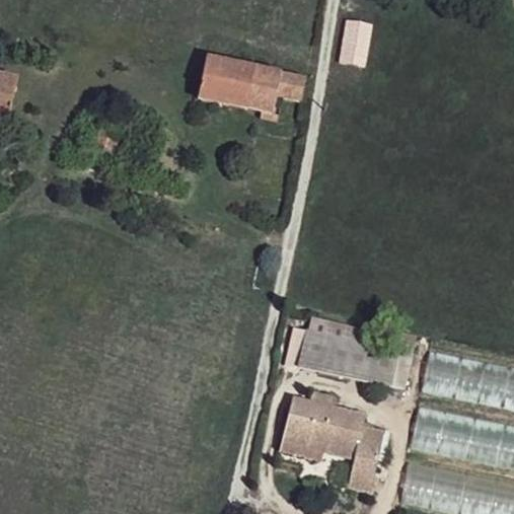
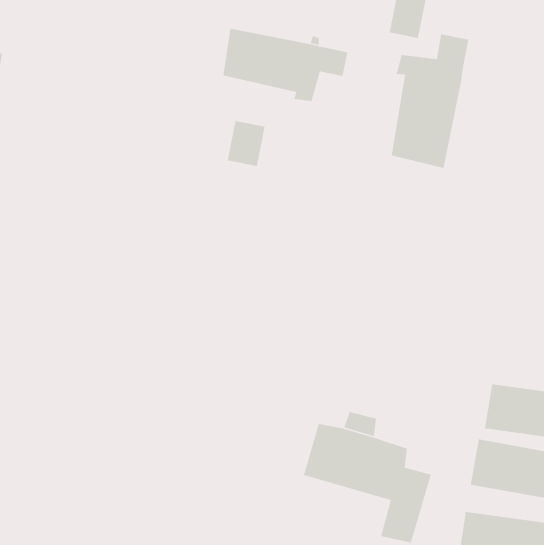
building: none -> [391,33,469,169]
building: none -> [227,120,265,167]
building: [294,329,400,385] -> none

